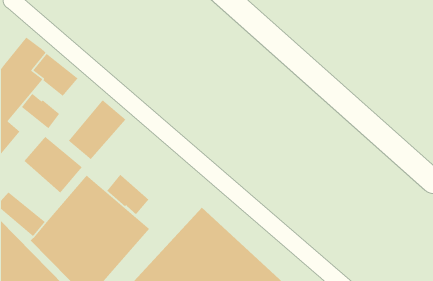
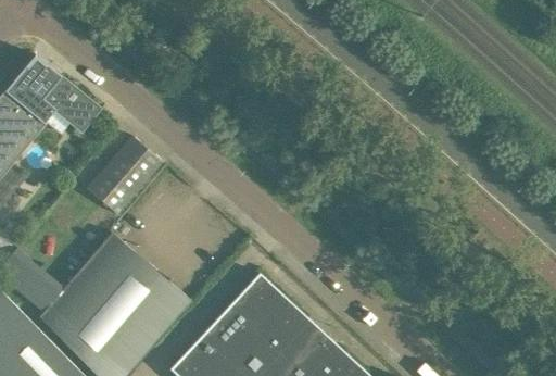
building: [21,93,60,129] -> none
building: [24,136,83,193] -> none
building: [106,174,150,215] -> none

